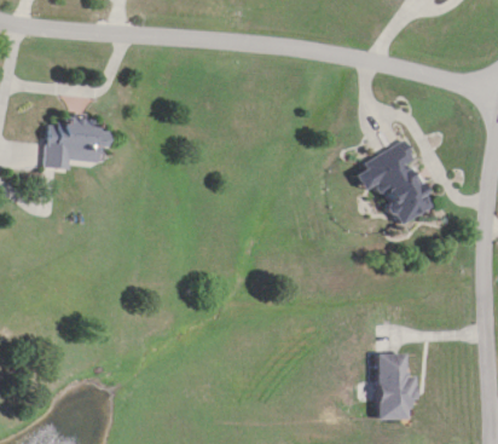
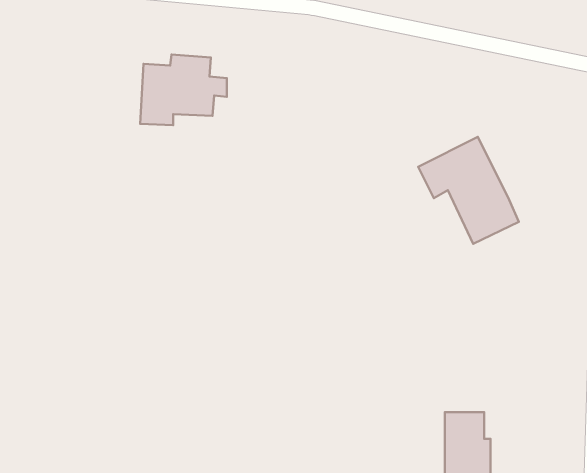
building: [44,115,110,169] -> [140,55,227,125]

